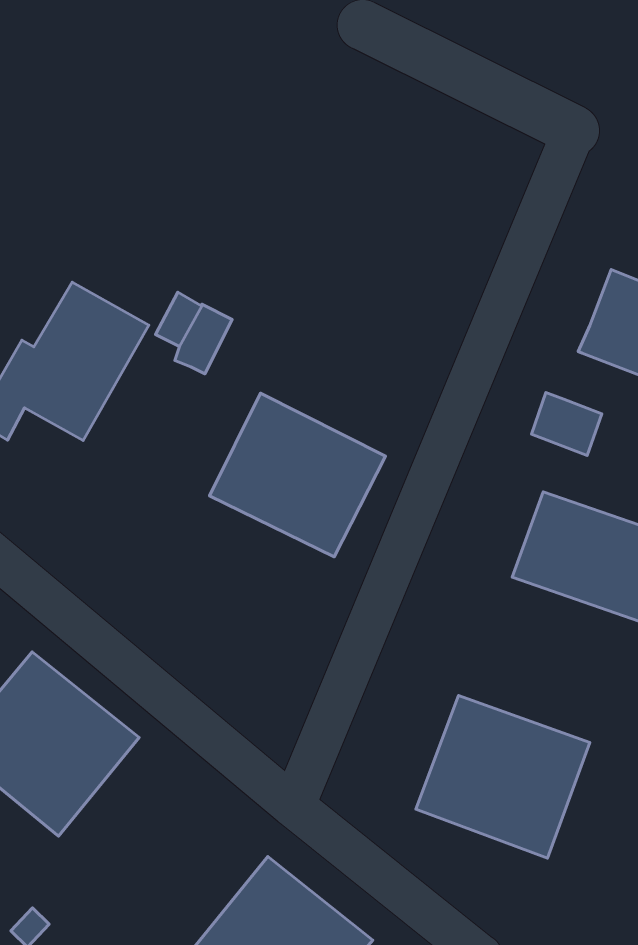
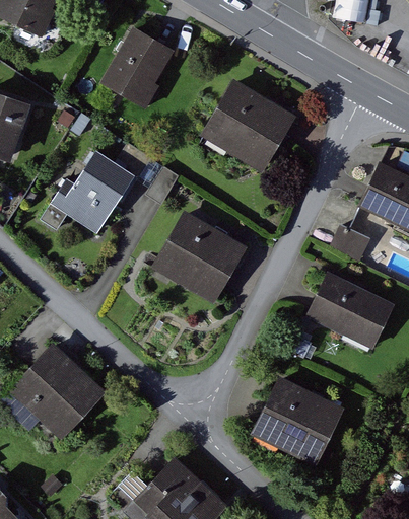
building: none -> [98,28,169,108]
building: none -> [199,81,291,172]

